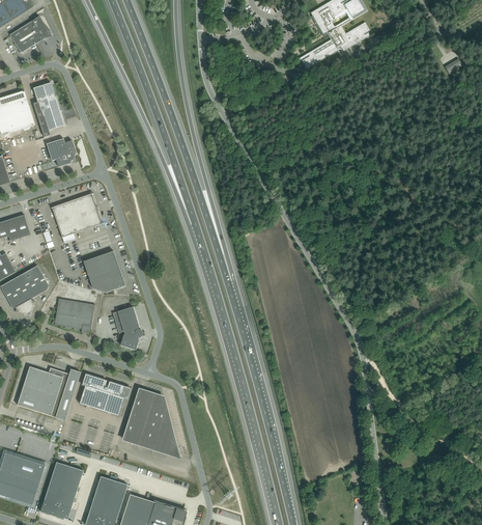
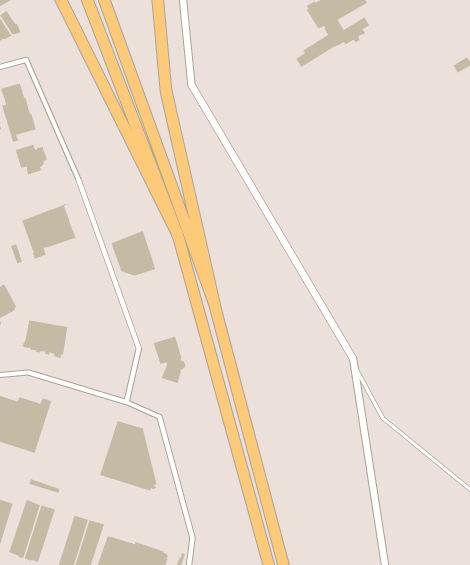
building: [83,250,124,292] -> [111,231,156,276]
building: [112,306,142,350] -> [153,336,186,384]
building: [79,372,130,415] -> none

